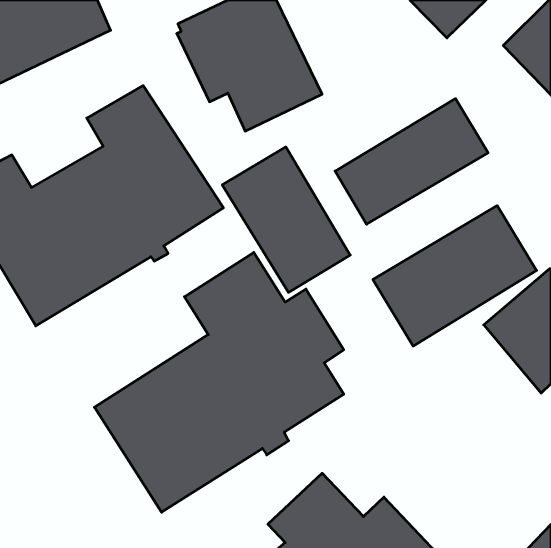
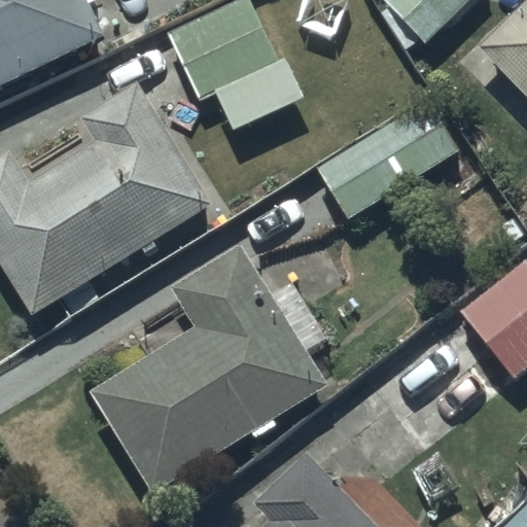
building: [222,147,350,292] -> none
building: [373,206,537,346] -> none

